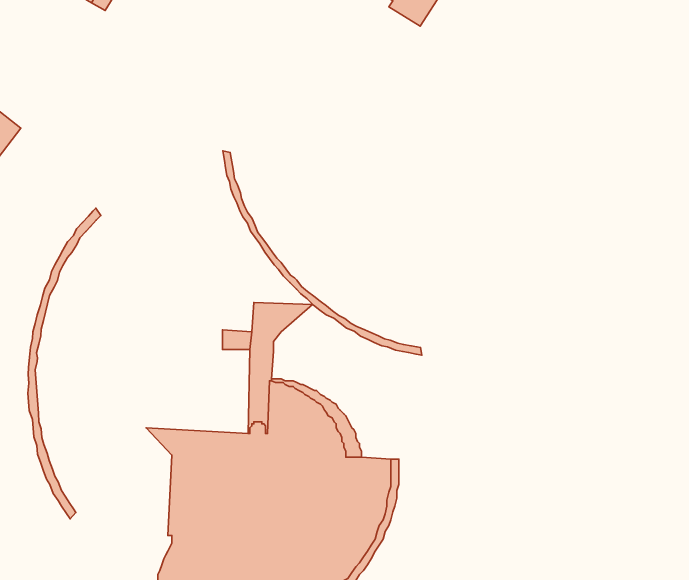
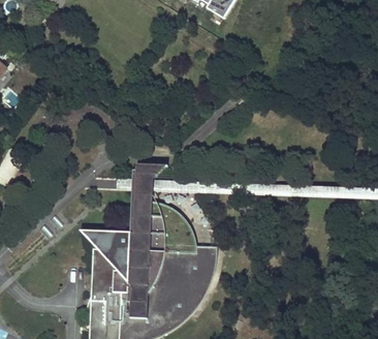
building: [223,151,422,355] -> none
building: [28,208,101,519] -> none

